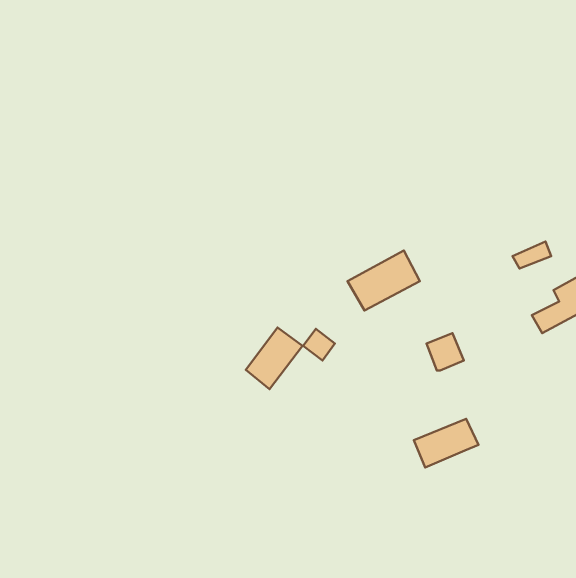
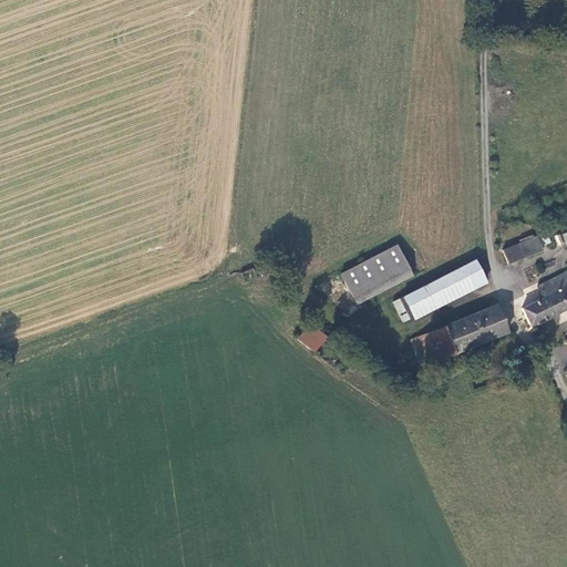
building: none -> [404,260,483,313]
building: [246,327,302,389] -> none
building: [414,419,478,467] -> [445,305,508,352]

